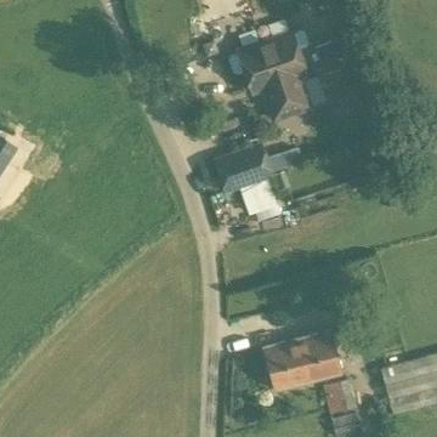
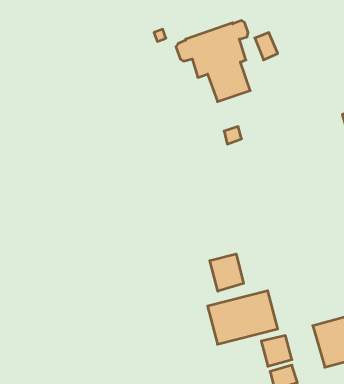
building: [214,142,288,194] -> none
building: none -> [210,254,244,291]

